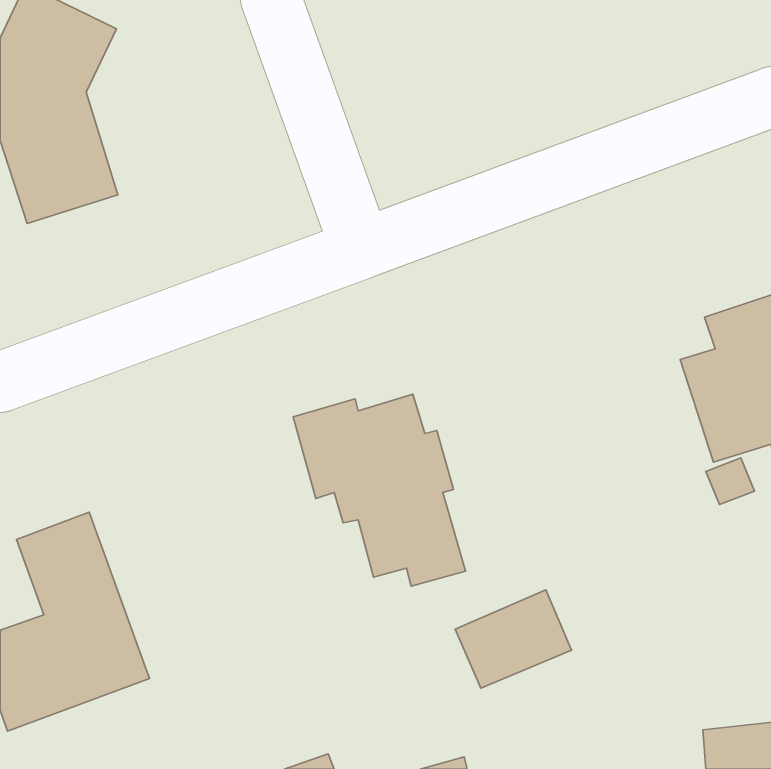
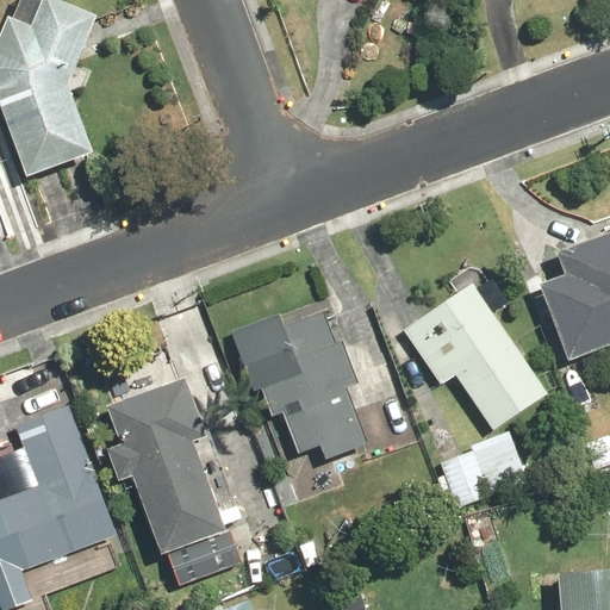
building: none -> [399,280,548,430]
building: none -> [104,378,238,584]
building: [455,590,572,688] -> [438,431,530,509]

